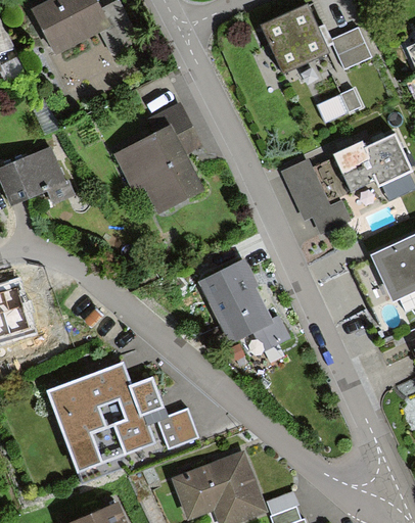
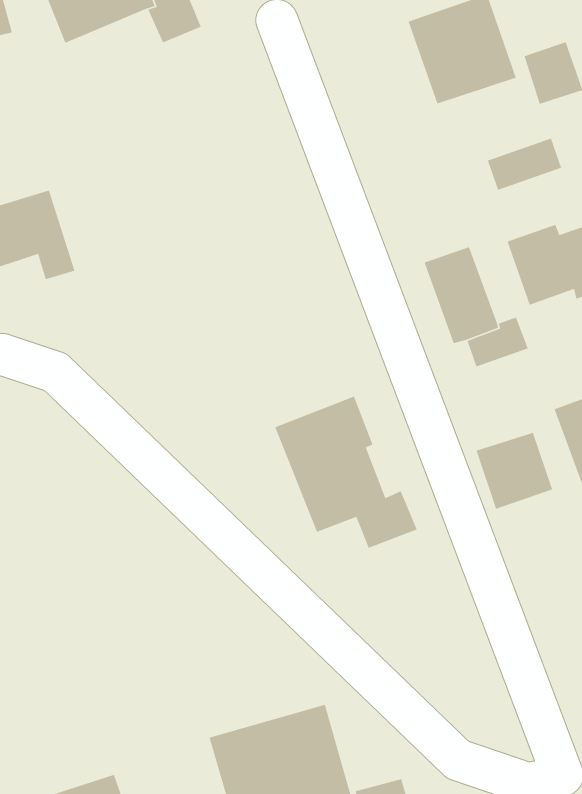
building: [109,103,196,209] -> none
building: [48,363,166,471] -> none
building: [157,408,199,448] -> none

